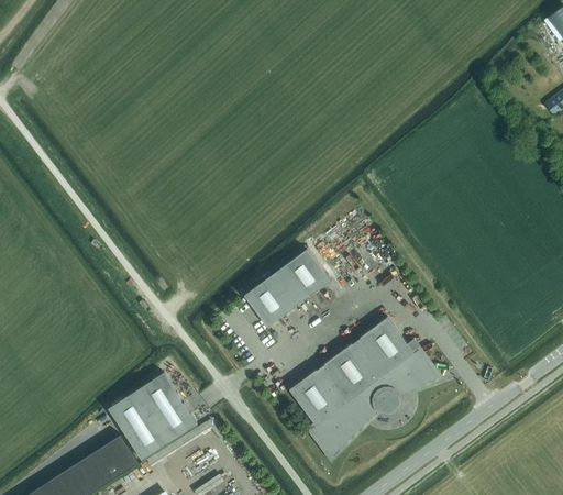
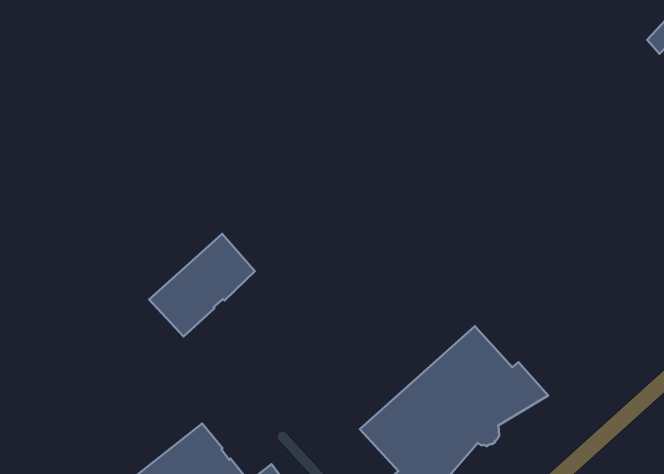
building: [244,249,330,327] -> [149,234,255,336]

